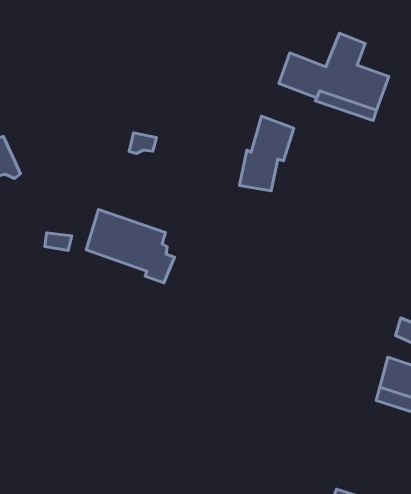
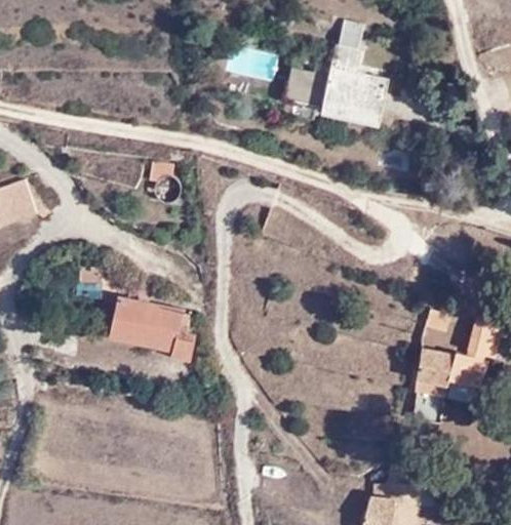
building: [239,116,294,191] -> none
building: [86,210,174,283] -> [110,297,195,360]

